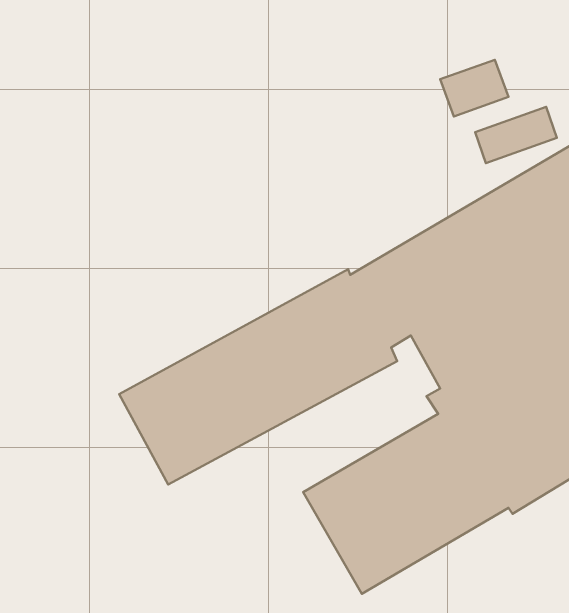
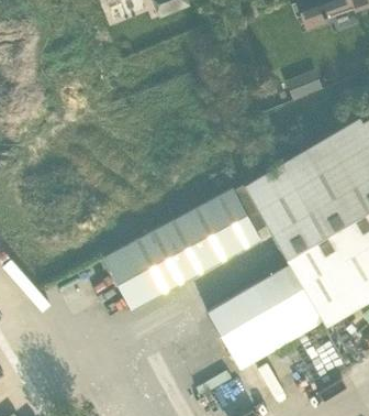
building: [475,107,557,163] -> none

